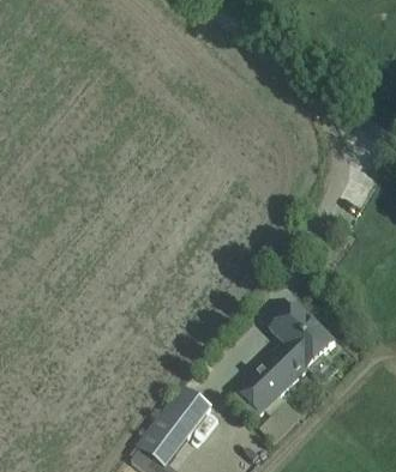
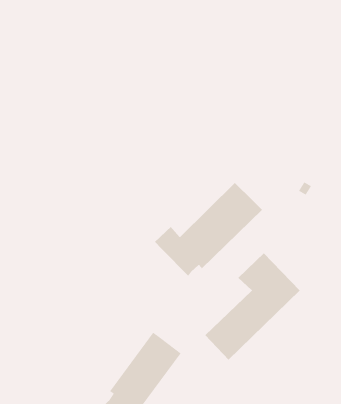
building: none -> [154,182,263,276]

